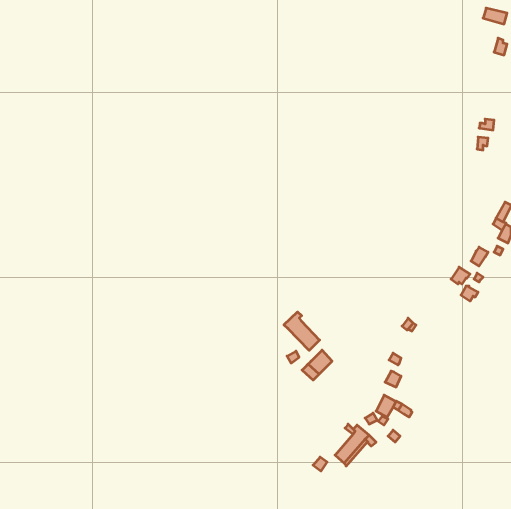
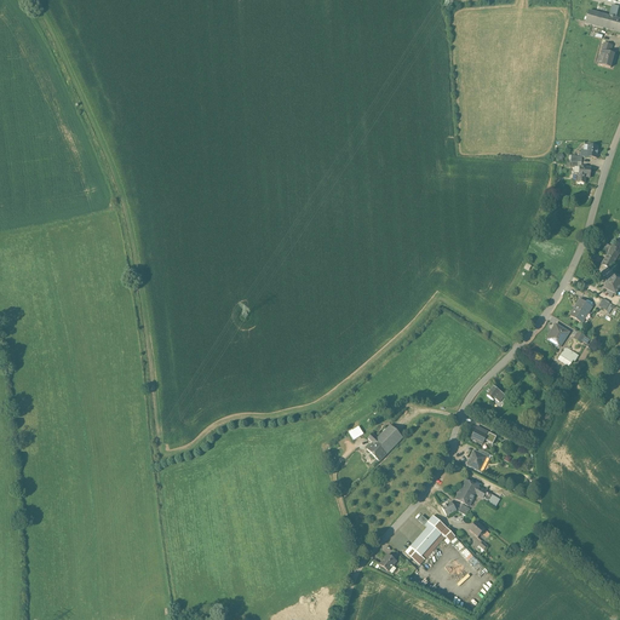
building: [284,312,320,350] -> none

